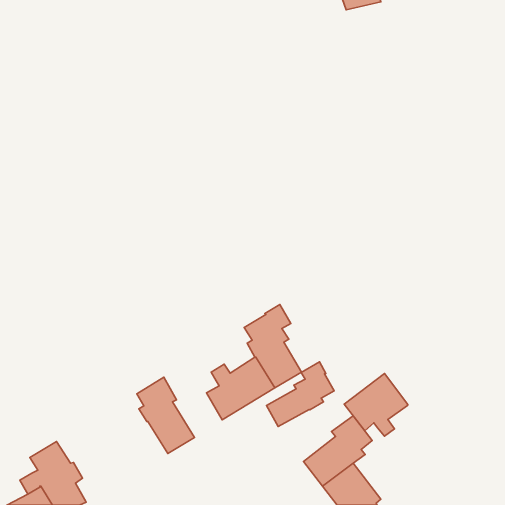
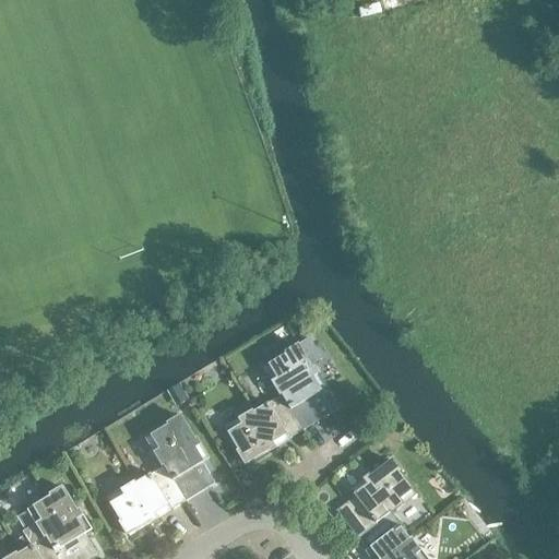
building: [267,362,334,427] -> none
building: [344,374,408,436] -> none
building: none -> [109,464,185,534]

